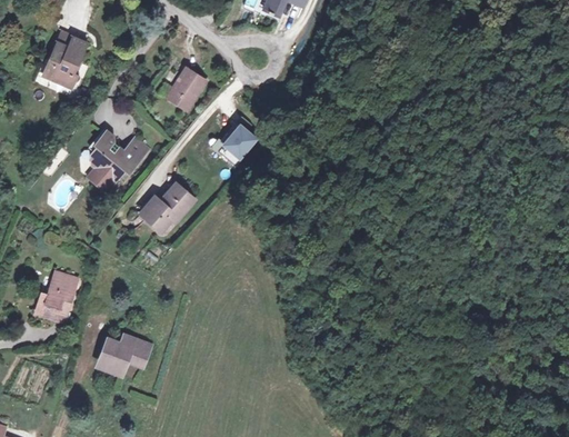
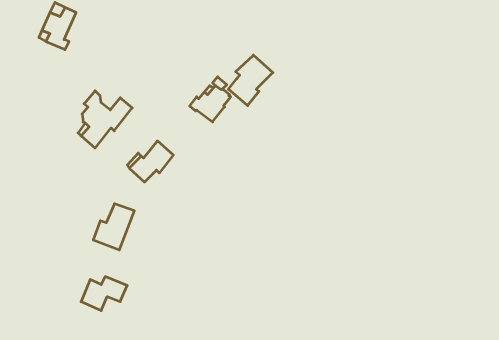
building: [167,67,206,110] -> none
building: none -> [228,55,273,106]
building: [34,272,80,324] -> [93,204,134,250]

